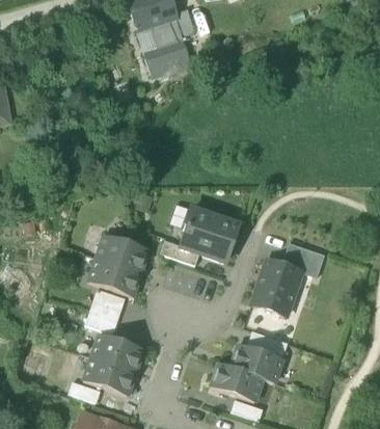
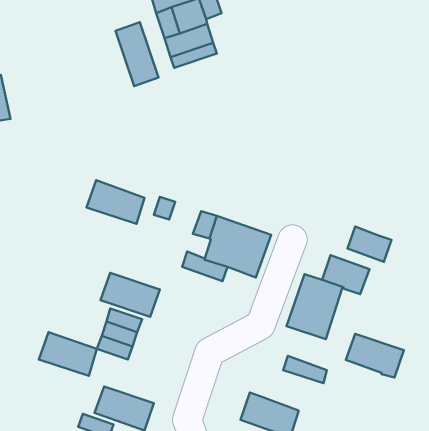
building: none -> [116,22,158,86]
building: none -> [348,227,392,262]
building: [98,234,148,272] -> [87,180,145,224]
building: [92,333,143,372] -> [39,332,97,376]
building: [232,344,282,382] -> [346,334,404,378]

